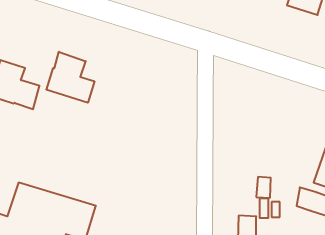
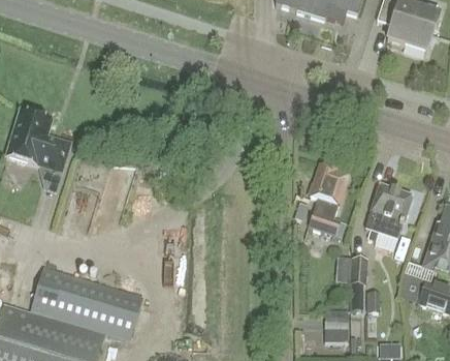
building: [46,52,94,103] -> none
building: none -> [310,164,349,235]
building: none -> [366,185,413,239]

